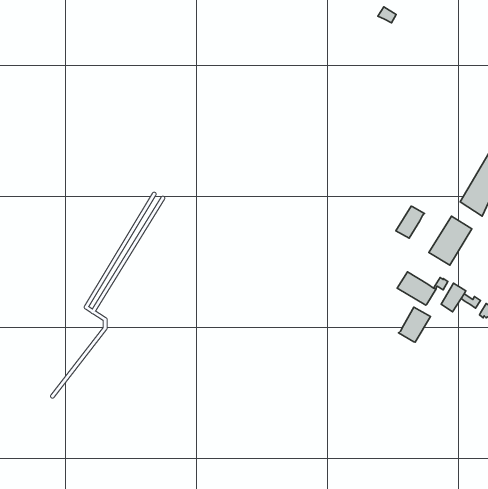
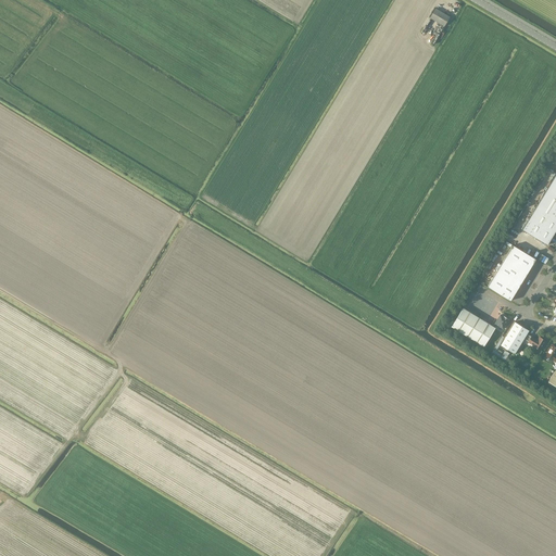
building: [396,206,424,238] -> none
building: [399,307,431,342] -> none

